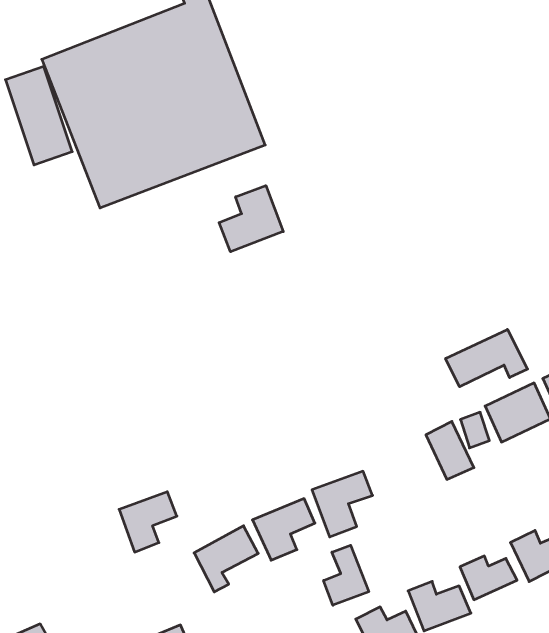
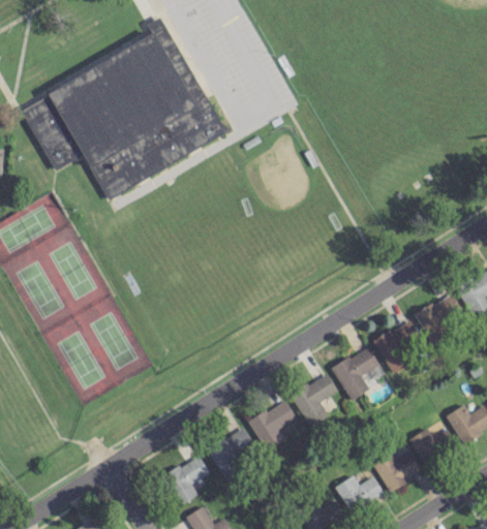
building: [219,186,283,252] -> none
building: [446,329,528,387] -> none
building: none -> [332,346,378,400]
building: [119,492,177,552] -> [164,456,209,504]
building: [324,545,369,605] -> none

